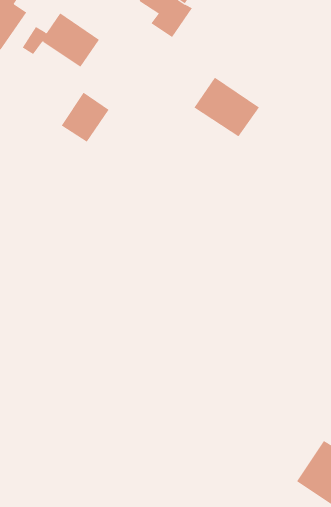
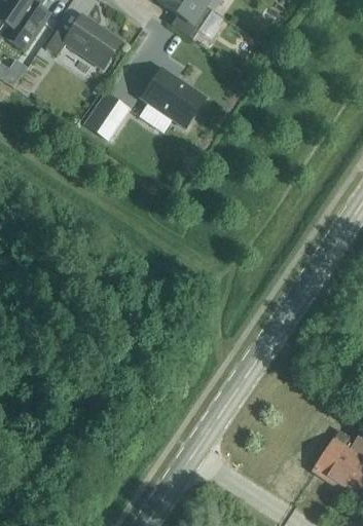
building: [194,77,260,137] -> [141,69,206,127]

